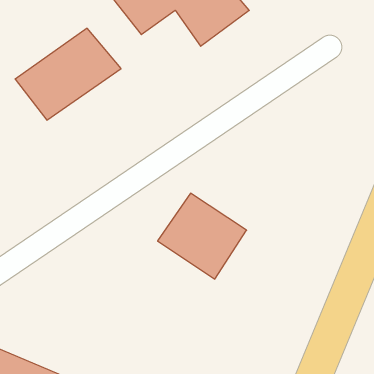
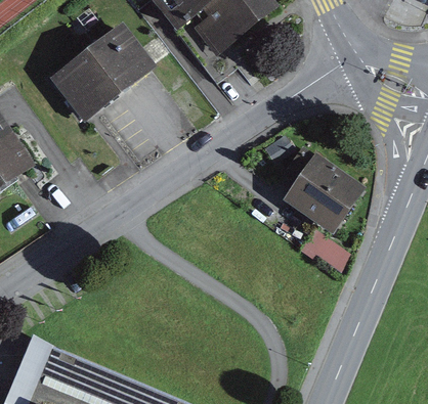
building: [158,193,247,279] -> [282,153,368,236]
building: none -> [304,230,348,271]

